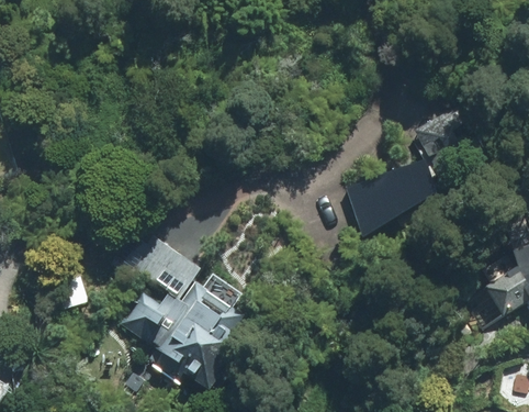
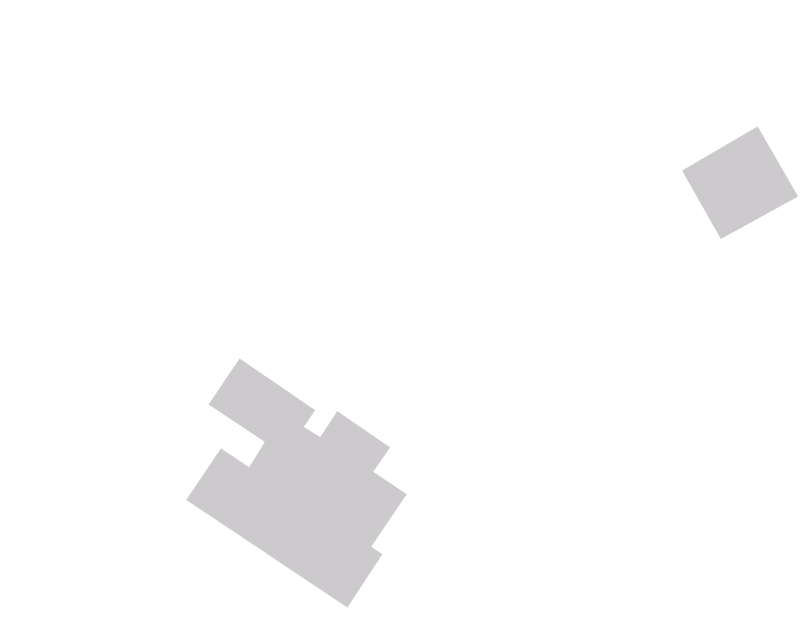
building: [342,158,437,236] -> none

